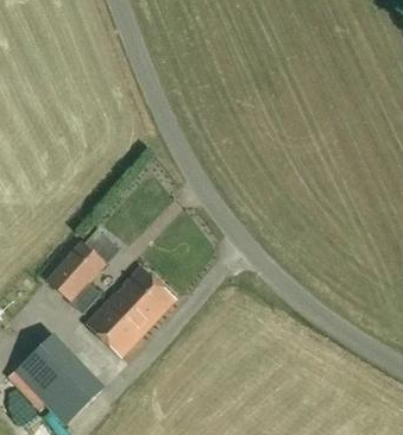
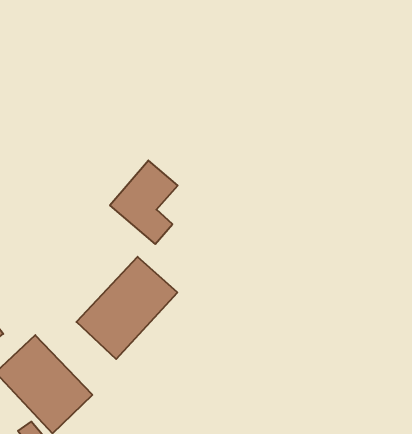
building: [46,238,107,313] -> [110,160,178,244]

